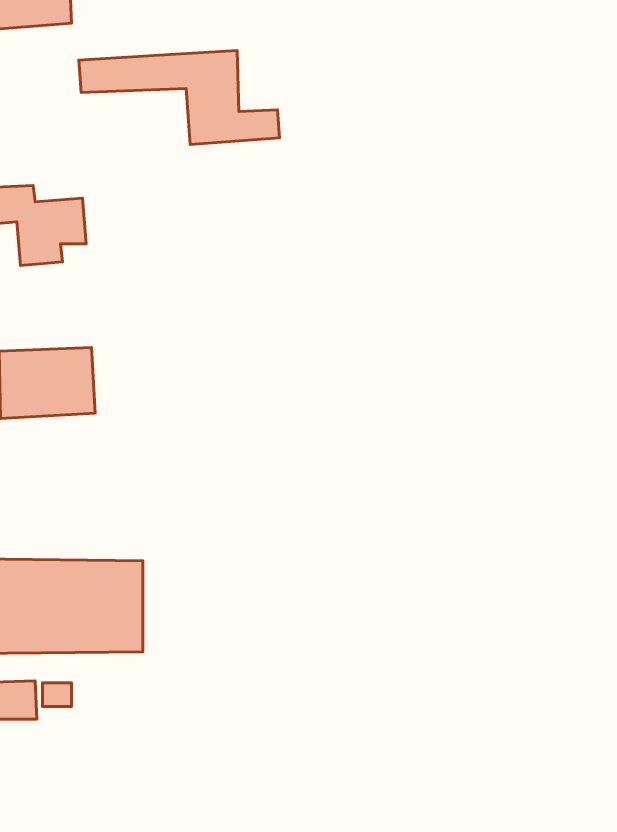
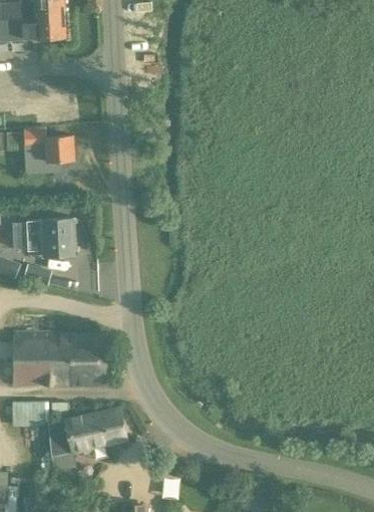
building: [79,51,279,145] -> none
building: none -> [47,408,126,471]

